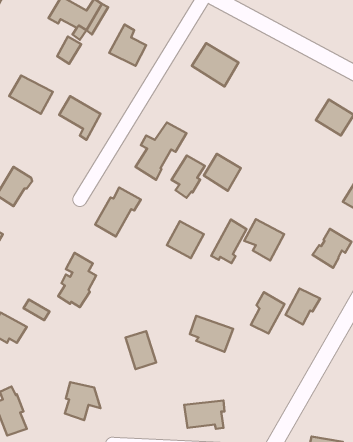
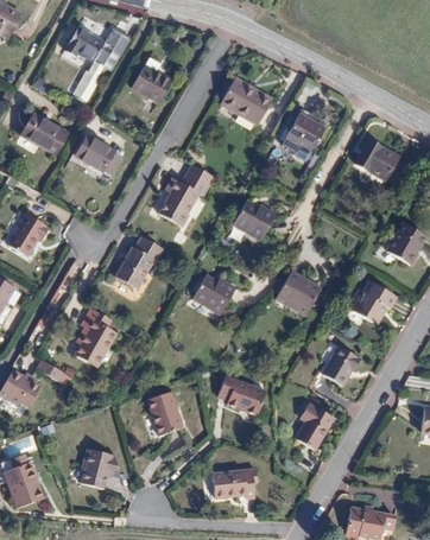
building: none -> [280,113,324,158]
building: [171,156,205,198] -> none
building: [211,220,247,263] -> none
building: [251,292,285,333] -> [295,402,331,447]

